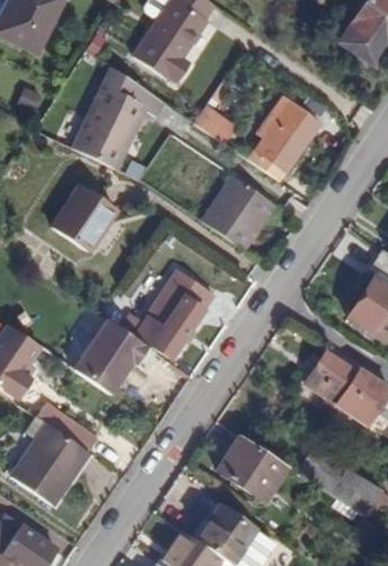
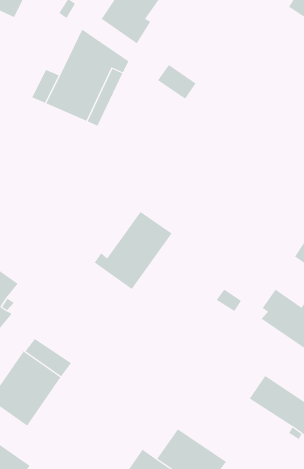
building: [248,95,320,179] -> none
building: [202,175,276,248] -> none
building: [53,185,118,250] -> none
building: [74,317,157,394] -> none
building: [217,438,286,500] -> none

